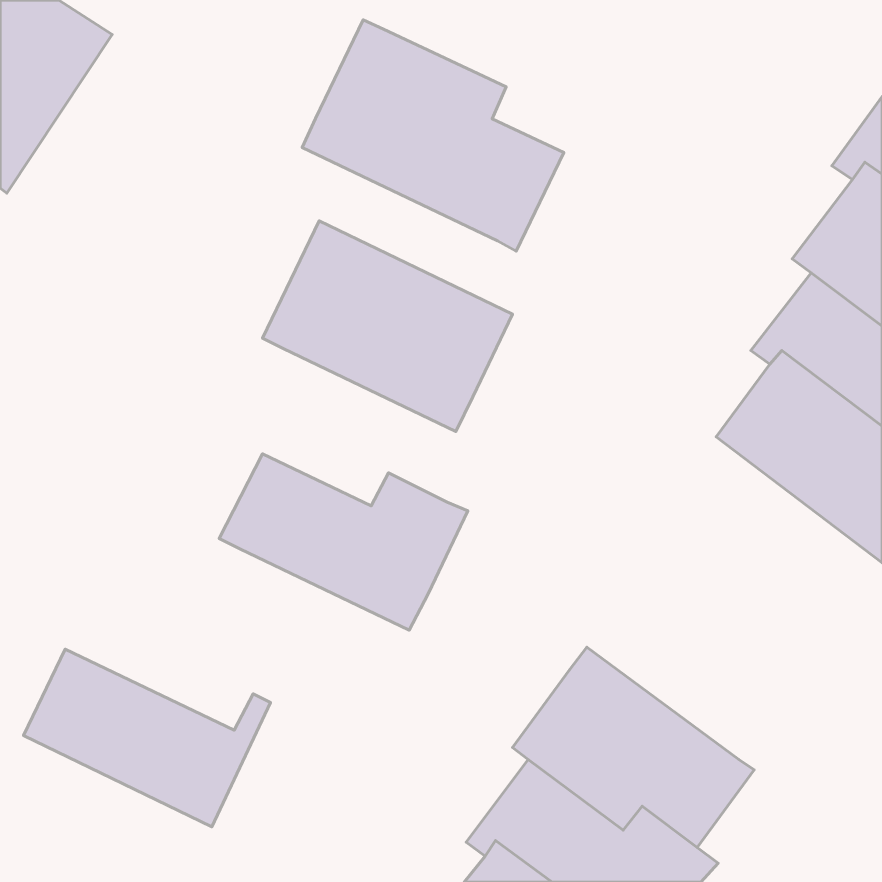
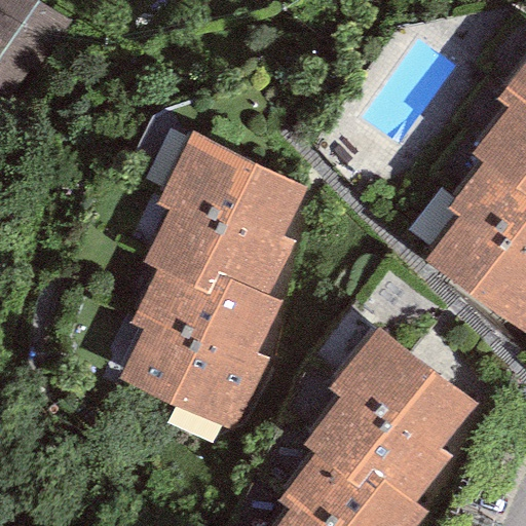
building: [302,20,564,251] -> none
building: none -> [142,208,294,301]
building: none -> [328,329,476,452]
building: [24,649,270,827] -> [118,327,265,433]

